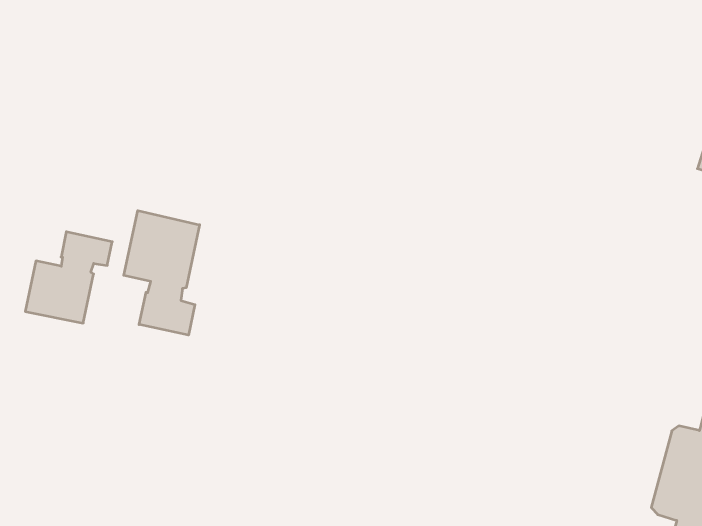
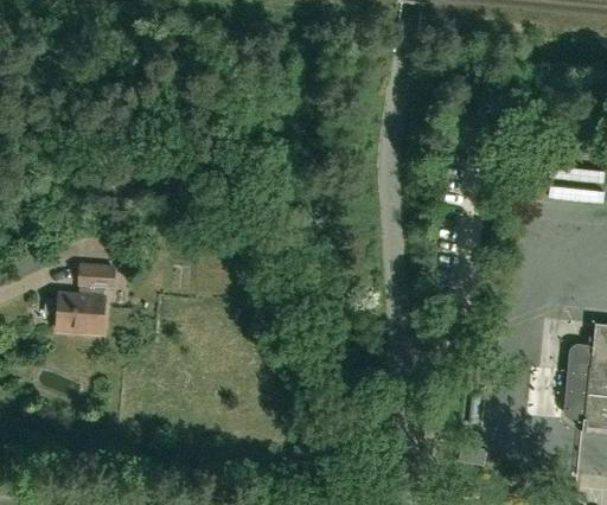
building: [124,211,200,335] -> none

